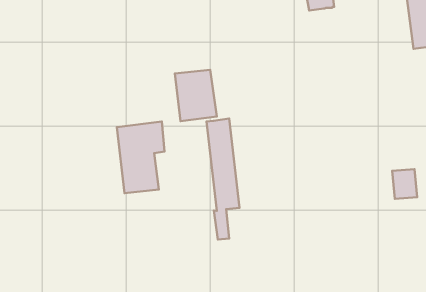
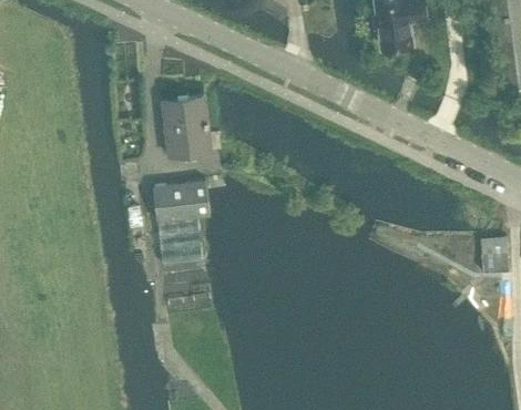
building: [175,70,217,121] -> [162,95,212,156]
building: [207,119,239,240] -> none

